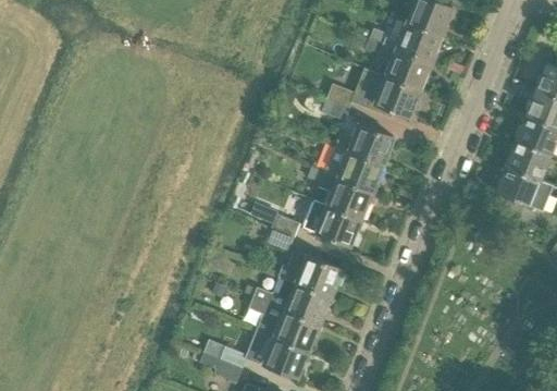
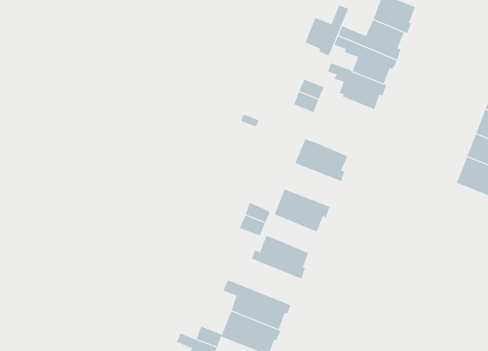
building: none -> [305,4,349,56]
building: [335,124,392,168] -> none
building: [308,169,374,219] -> none
building: [253,276,330,325] -> none

